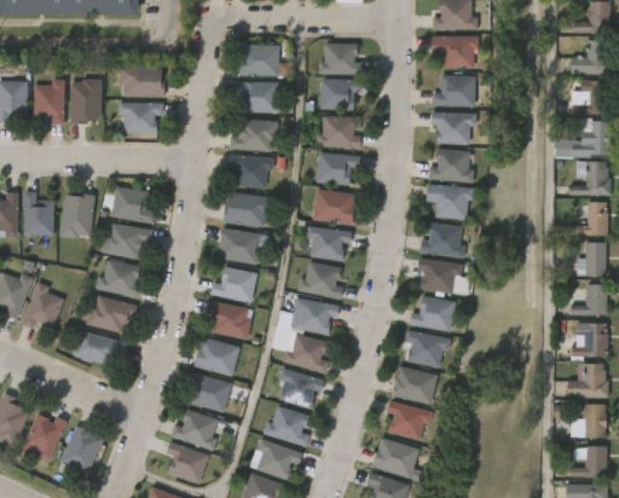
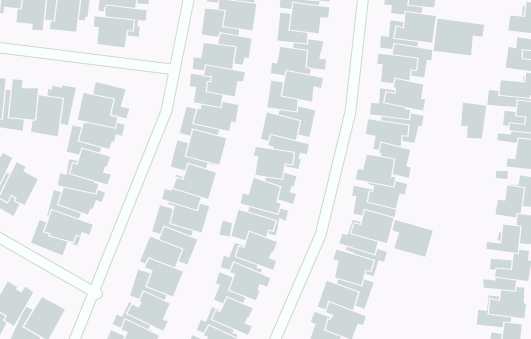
building: none -> [433,18,485,56]
building: none -> [460,102,487,139]
building: none -> [392,219,433,258]

